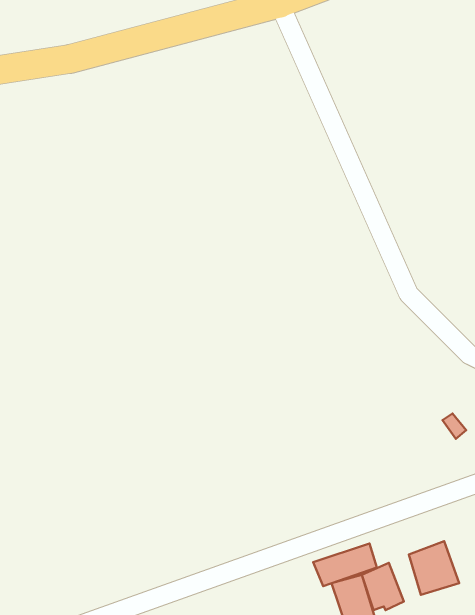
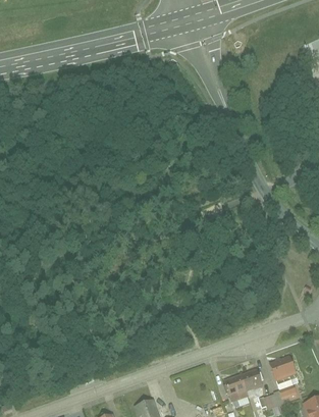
building: [313,543,377,586] -> none

